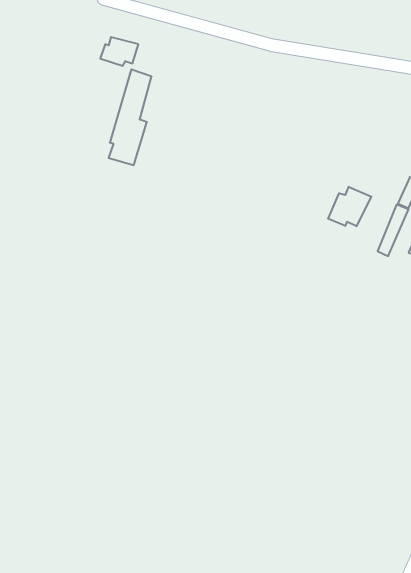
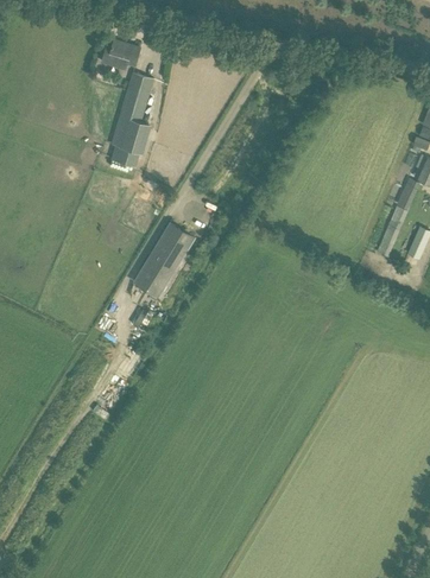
building: [328,187,371,226] -> none
building: none -> [132,224,192,298]

